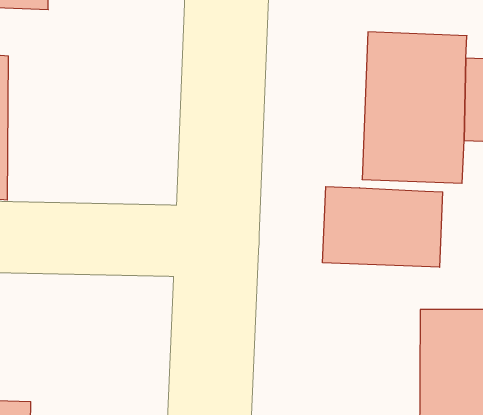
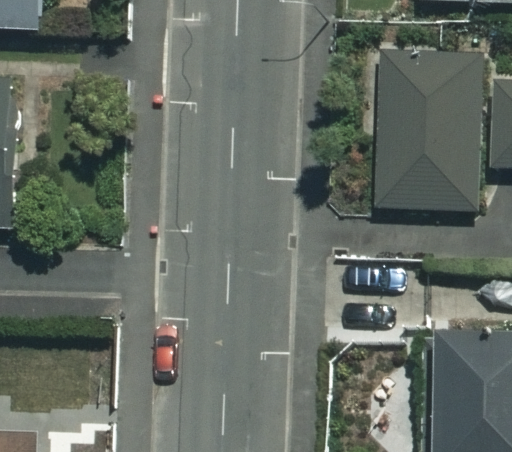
building: [323,187,443,267] -> none

